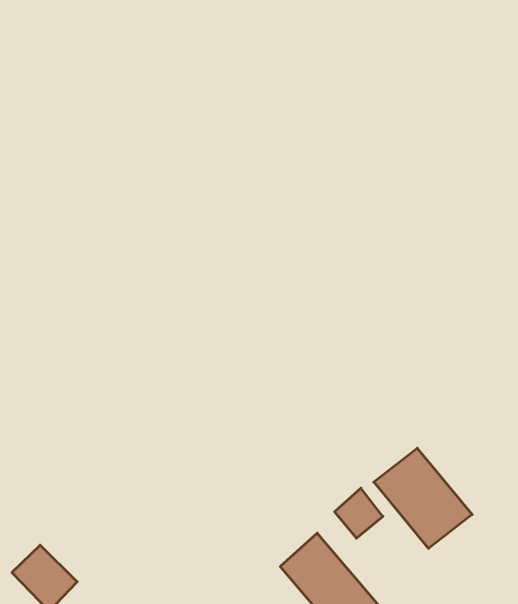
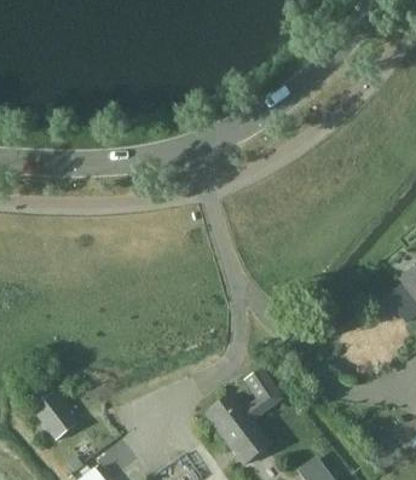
building: [374,448,472,548] -> none

